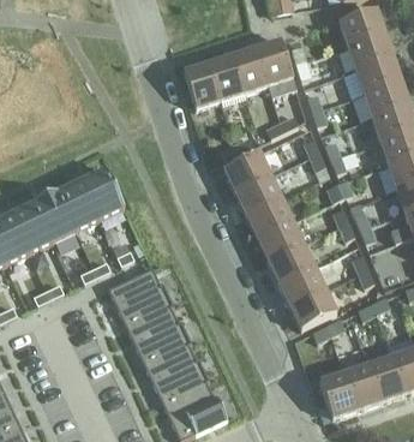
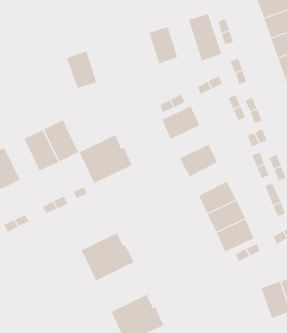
building: [232,47,268,92] -> none
building: [182,62,220,108] -> [66,51,97,88]
building: [234,175,281,215] -> none
building: [34,191,76,241] -> none
building: [257,220,302,261] -> none
building: [108,267,173,327] -> [79,134,133,184]
building: [144,341,209,401] -> none
building: [319,372,356,418] -> none

